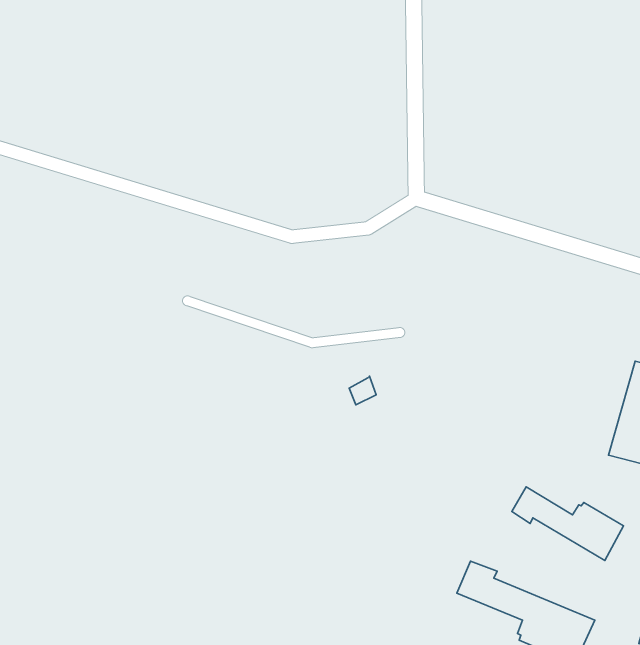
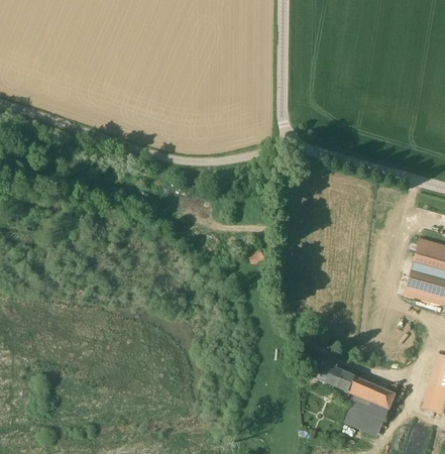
building: [512,487,624,561] -> none

